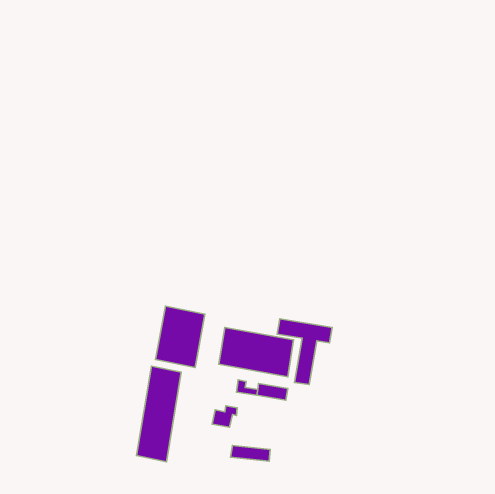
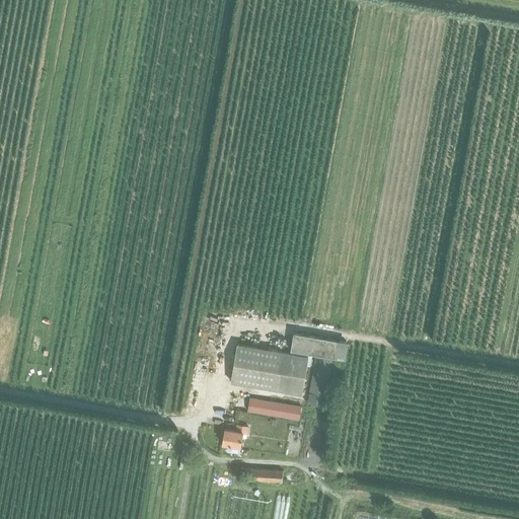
building: [156,306,205,367] -> none
building: [136,366,181,462] -> none

